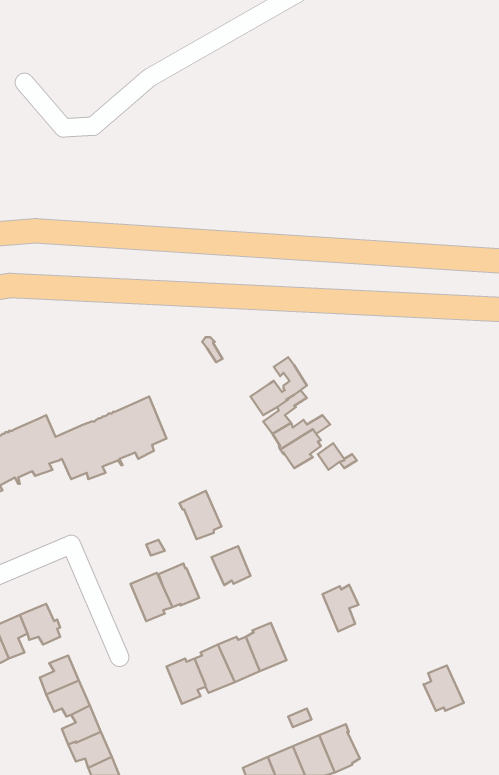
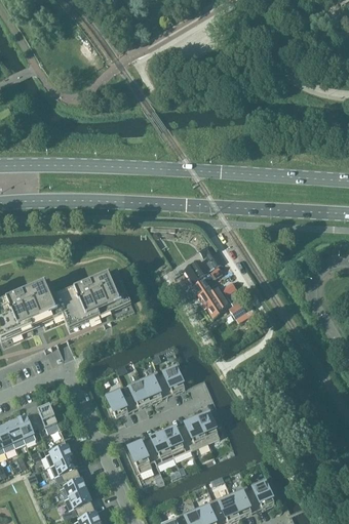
building: [179,491,222,539] -> [138,369,165,401]
building: [323,585,358,632] -> [196,411,220,442]
building: [423,665,464,711] -> [246,477,273,507]

